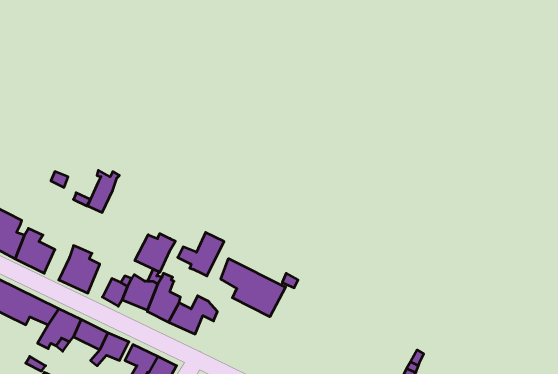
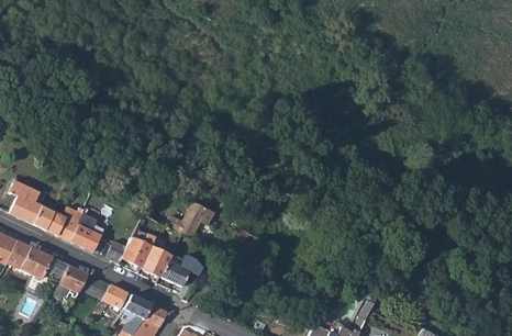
building: [88,170,119,212] -> [57,206,84,242]
building: [135,234,175,272] -> none
building: [221,259,286,317] -> none

